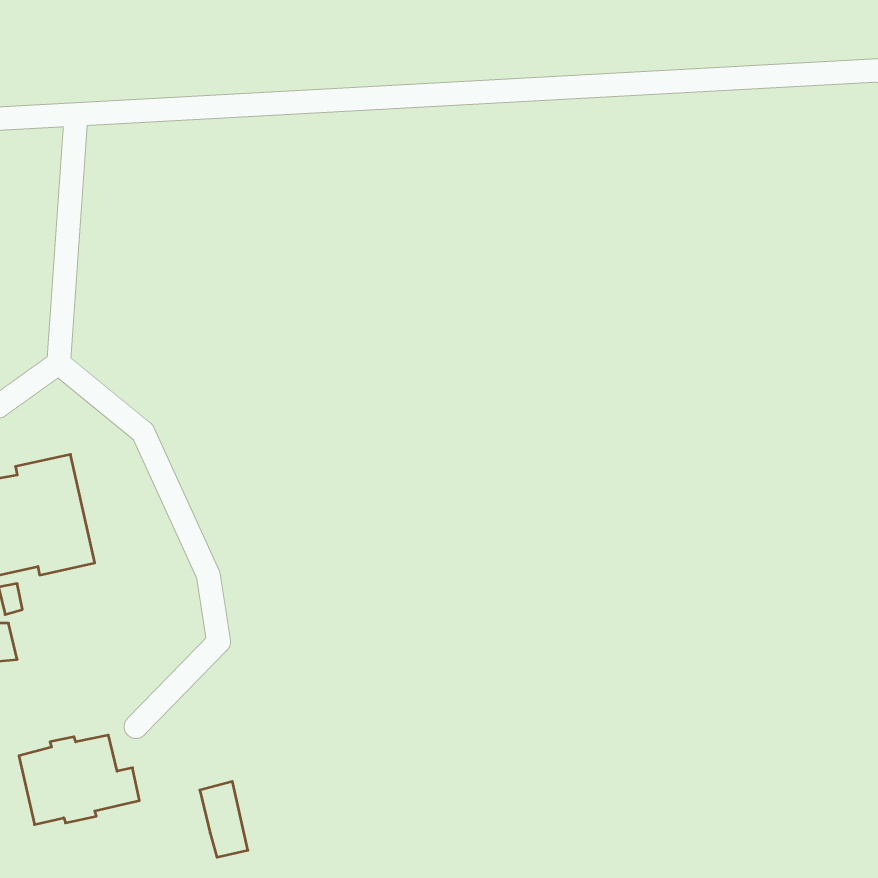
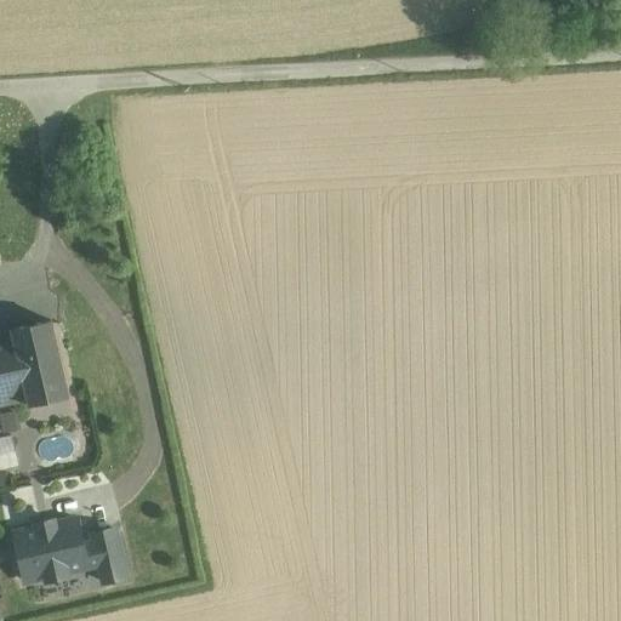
building: [200,781,248,857] -> [91,529,125,582]

